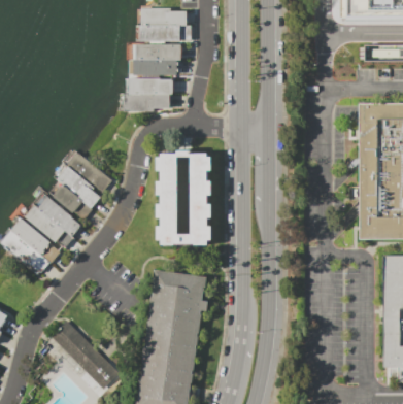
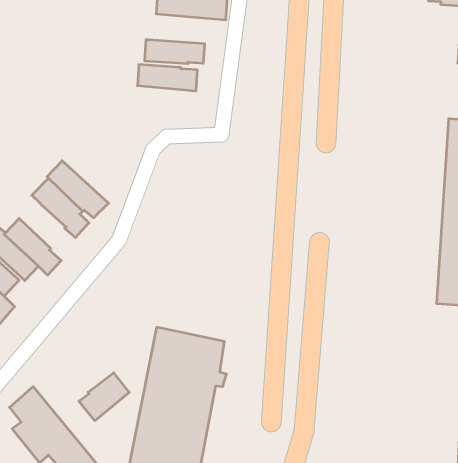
building: [135,43,180,59] -> none
building: [124,93,169,110] -> none
building: [157,149,212,243] -> none
building: [53,183,83,212] -> none
building: none -> [79,373,129,421]

